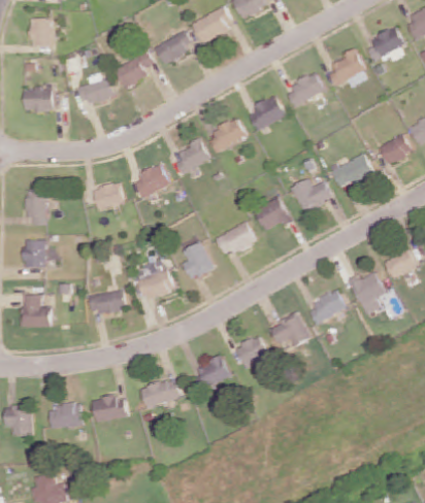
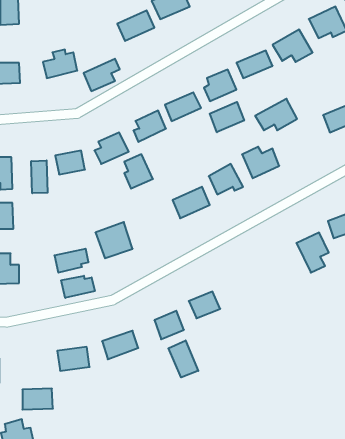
building: [116,53,155,88] -> [84,59,120,91]
building: none -> [210,102,244,132]
building: [330,154,375,188] -> [255,99,297,130]
building: none -> [31,160,48,193]
building: [183,242,214,279] -> [124,154,153,189]
building: [306,291,347,325] -> none
building: [269,314,309,346] -> none
building: none -> [61,276,95,298]
building: none -> [168,340,198,377]
building: [48,405,81,428] -> [22,389,53,410]

